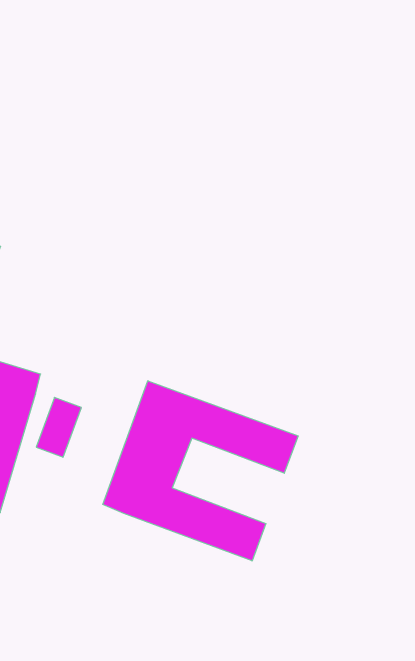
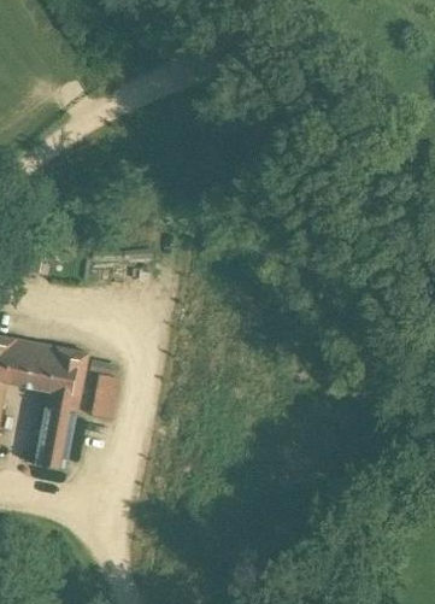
building: [103,381,298,561] -> none

